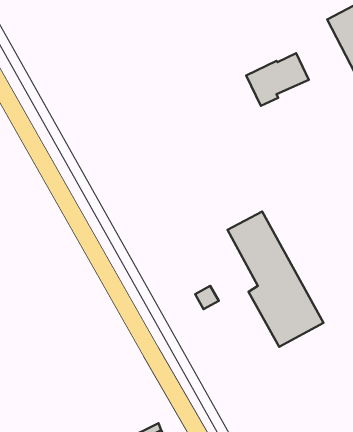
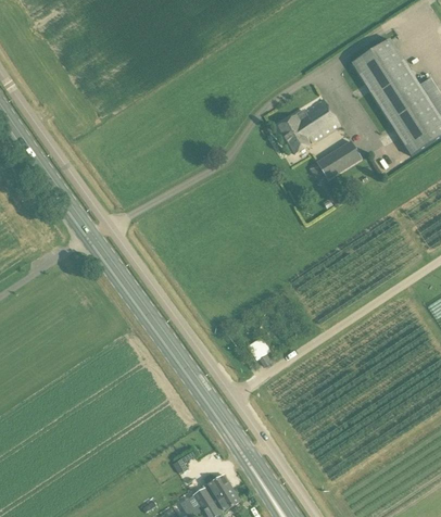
building: none -> [316,140,361,179]
building: [227,212,323,347] -> none

